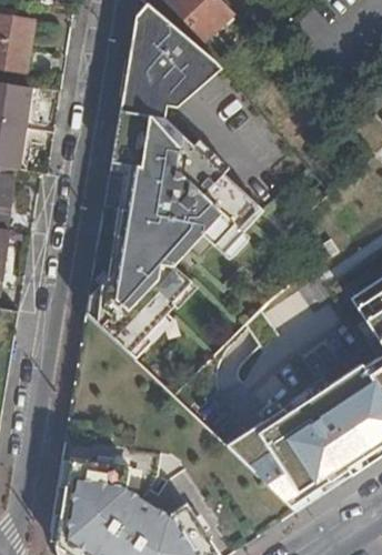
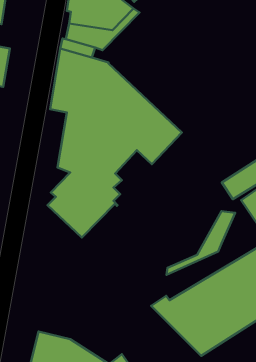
building: none -> [166,211,235,275]

